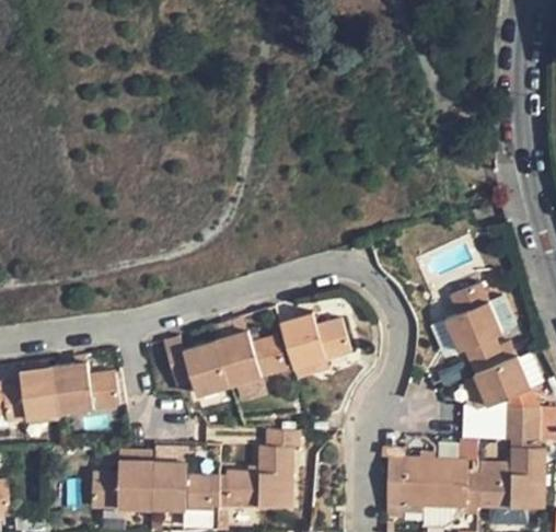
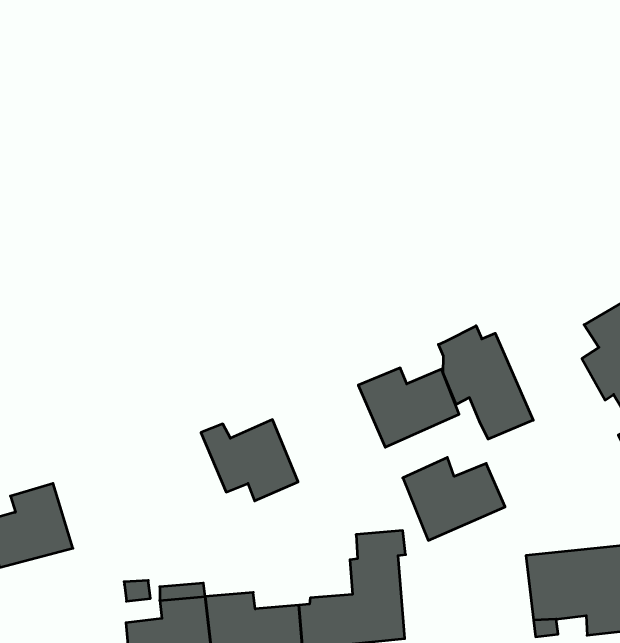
building: none -> [438,326,533,439]
building: [216,328,287,386] -> [403,457,505,540]
building: [53,361,119,415] -> none

